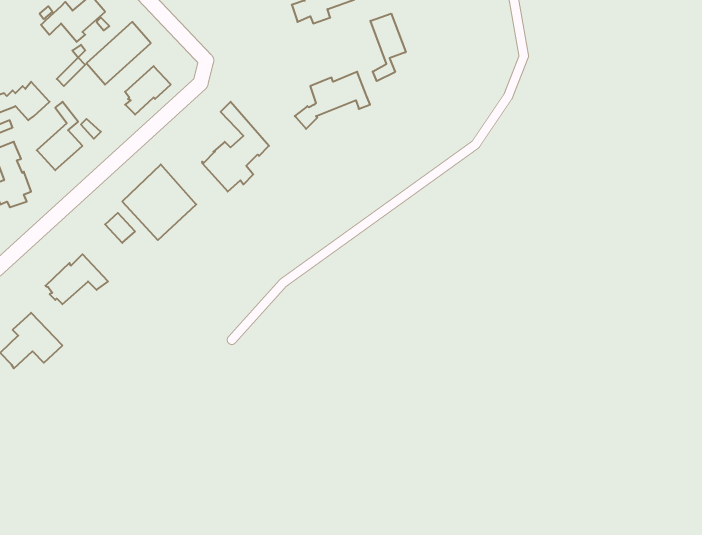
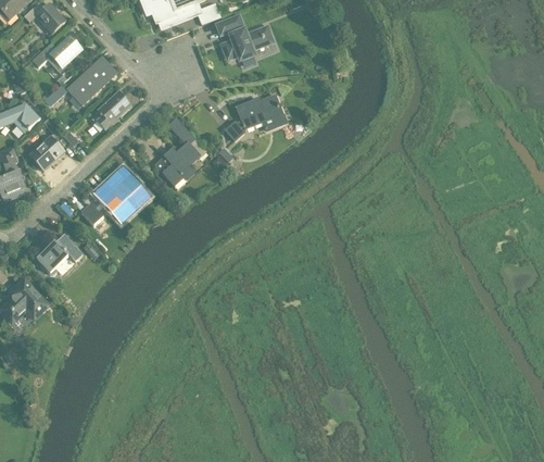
building: [370,14,406,81] -> none

